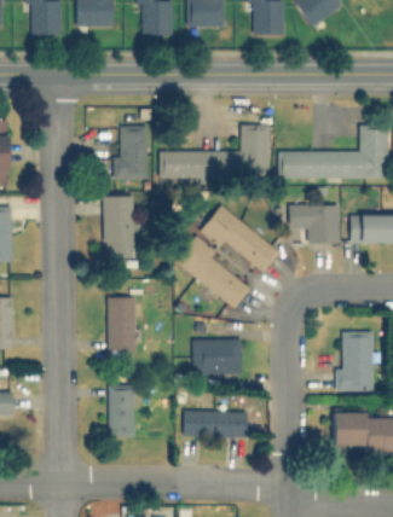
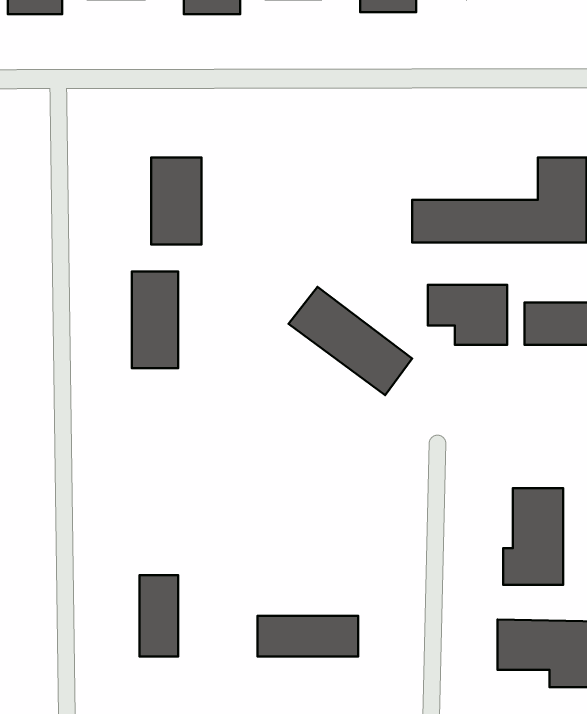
building: [160,126,270,179] -> none
building: [175,240,253,309] -> none
building: [106,298,135,350] -> none
building: [192,339,241,374] -> none

